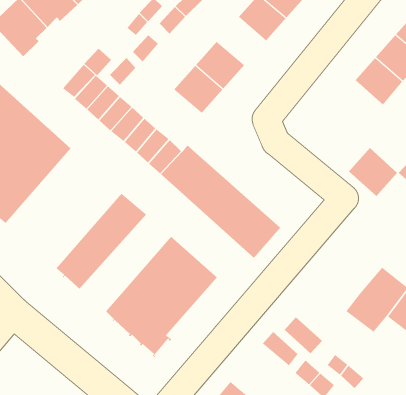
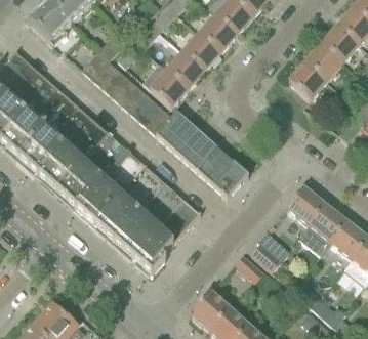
building: none -> [200,14,238,51]
building: none -> [142,62,189,108]
building: [348,147,398,197] -> [289,62,327,100]
building: none -> [39,115,127,206]
building: none -> [94,165,165,239]
building: none -> [287,187,326,225]

